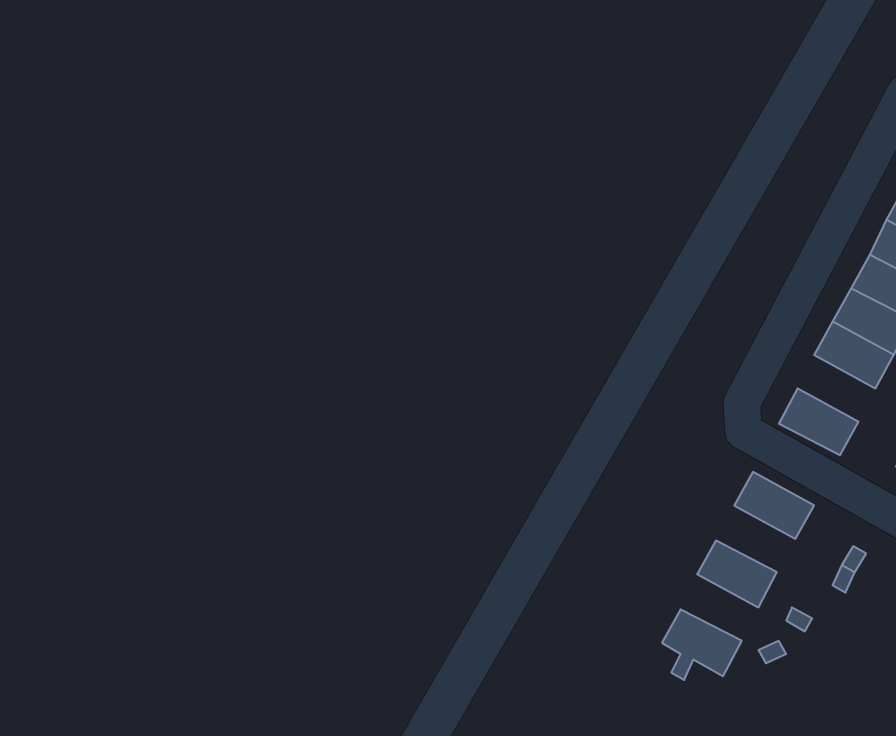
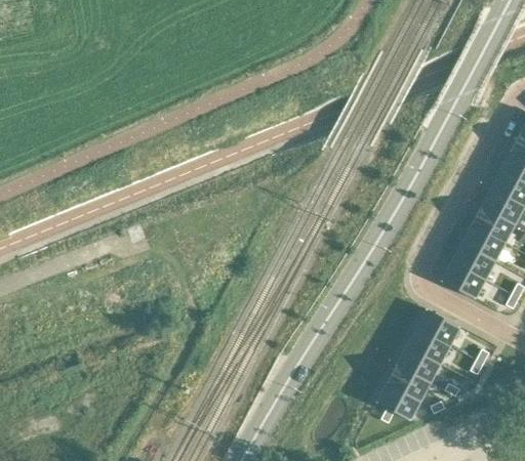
building: none -> [452,243,495,280]
building: none -> [407,326,451,363]
building: none -> [388,364,431,401]

